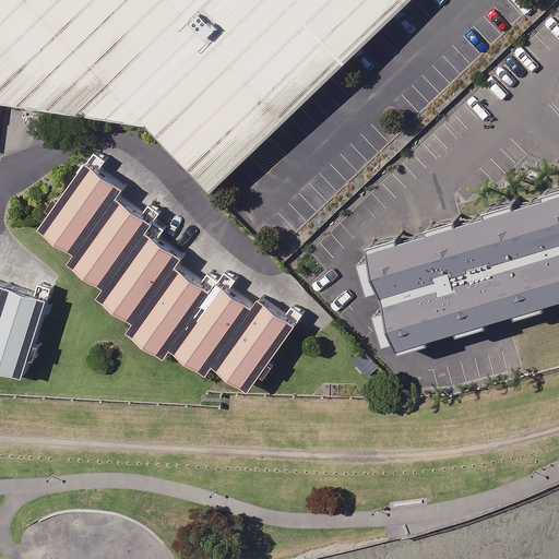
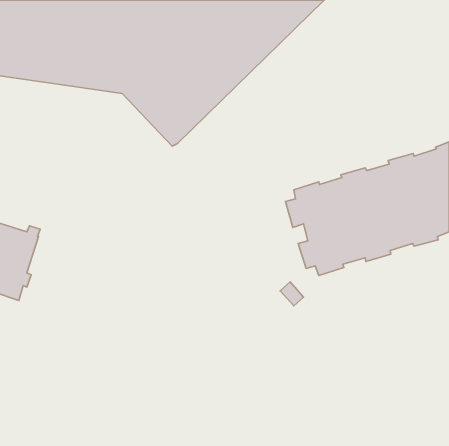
building: [38,158,299,393] -> none

